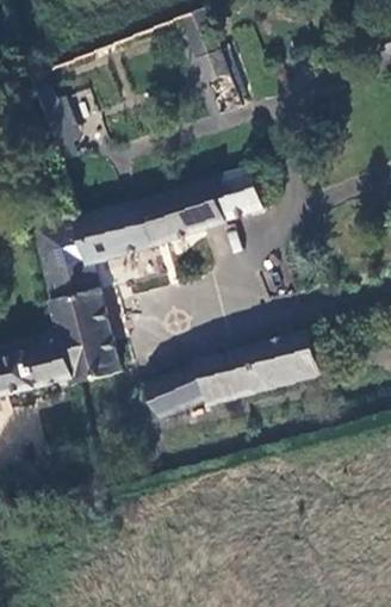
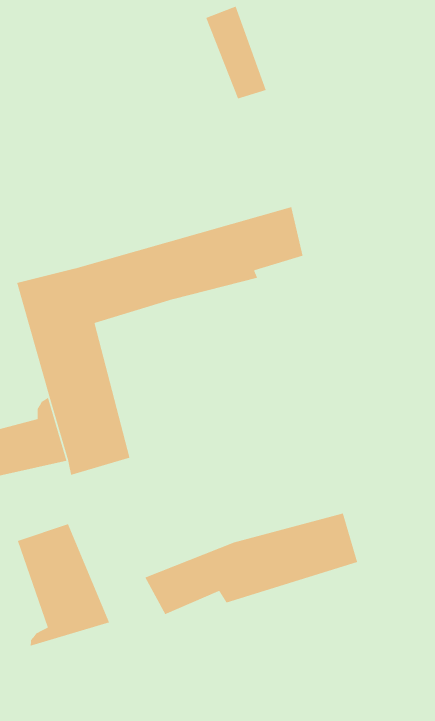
building: [144,334,318,417] -> [144,513,358,615]
building: none -> [17,523,110,647]

